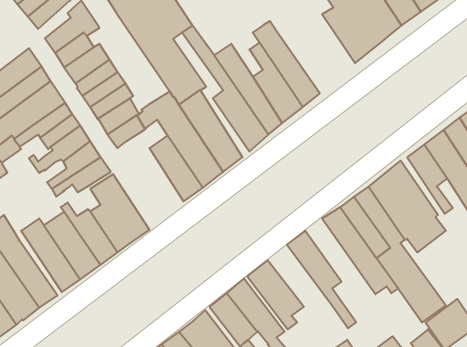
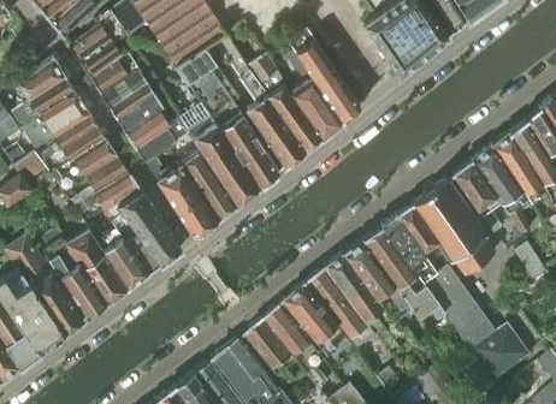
building: none -> [158,165,217,233]
building: none -> [345,239,409,317]
building: none -> [306,267,374,351]

